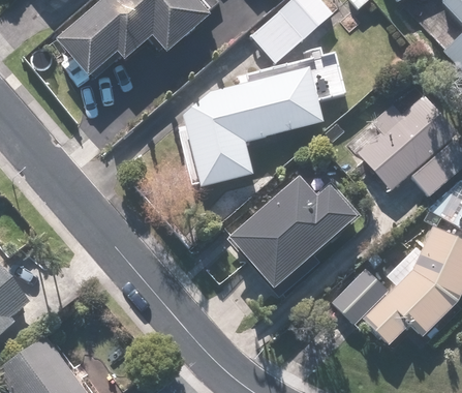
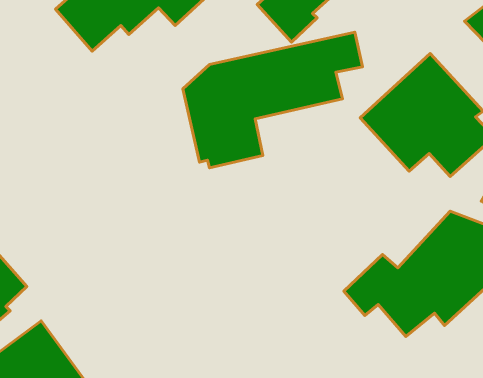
building: [224,169,362,294] -> none

